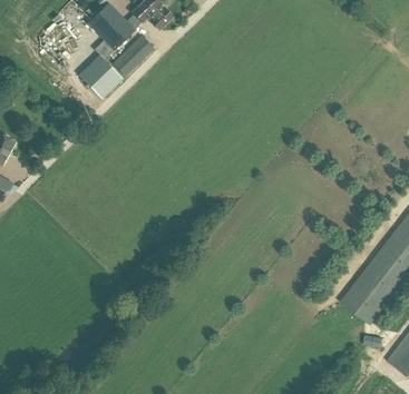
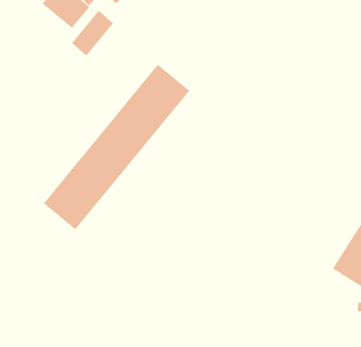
building: [78,52,121,96] -> none
building: none -> [43,64,190,230]

